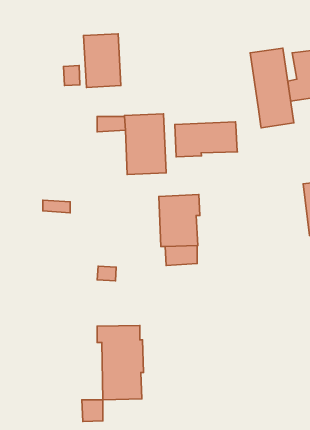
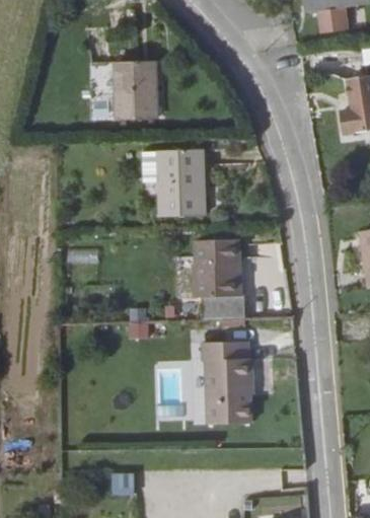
building: [250,48,294,128] -> none
building: [175,122,237,157] -> none
building: [97,325,144,400] -> [205,341,256,424]

